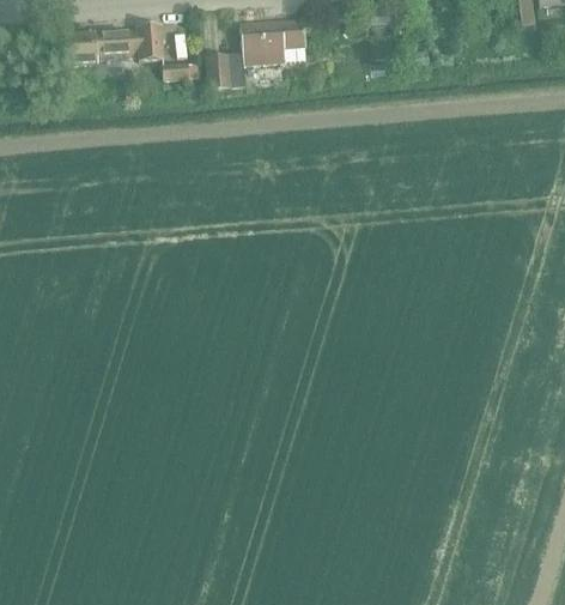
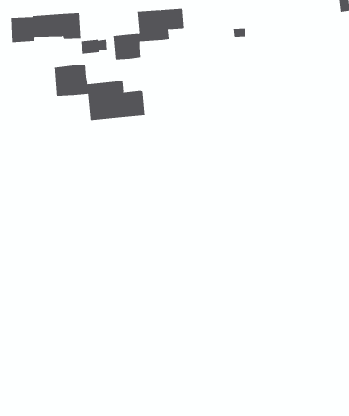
building: none -> [54,64,145,121]

